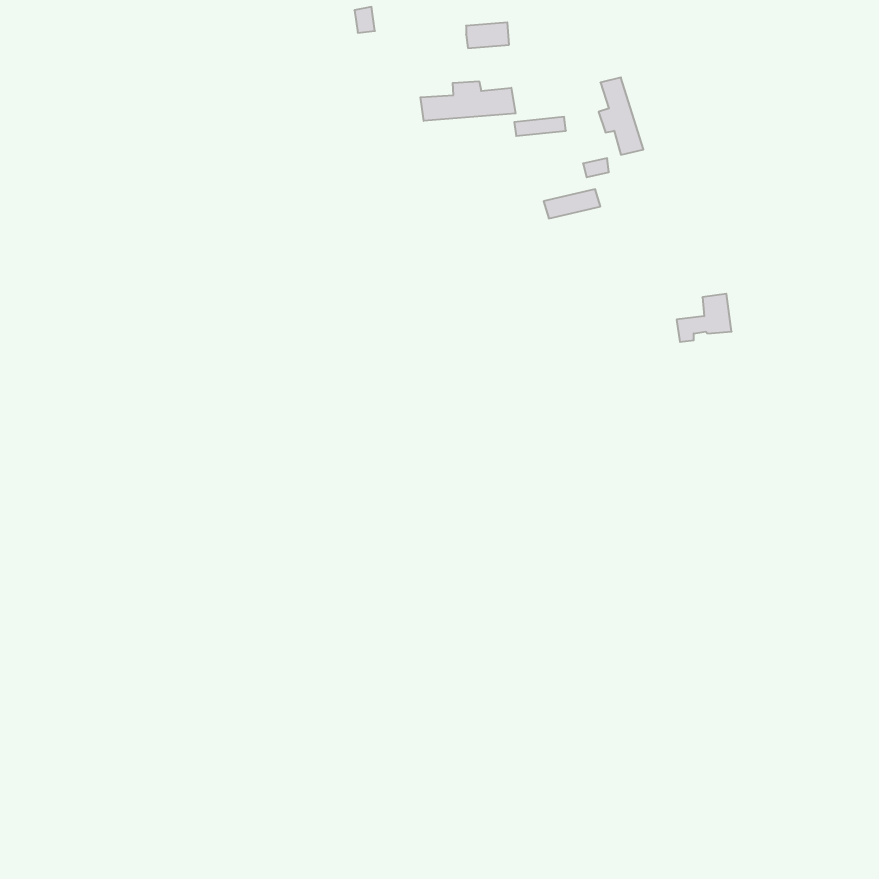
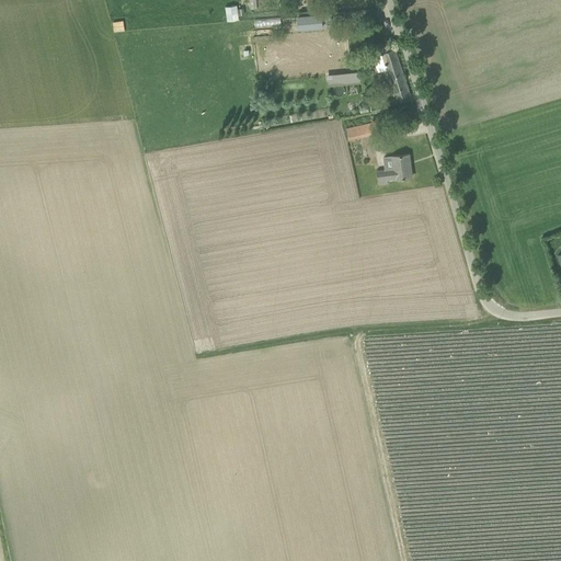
building: [420,81,516,121] -> none
building: [677,294,732,342] -> [377,153,412,184]

